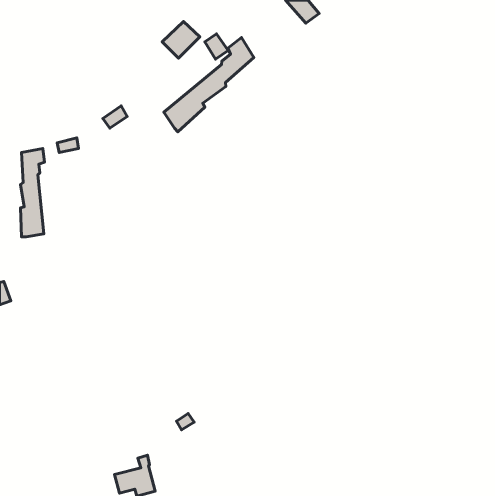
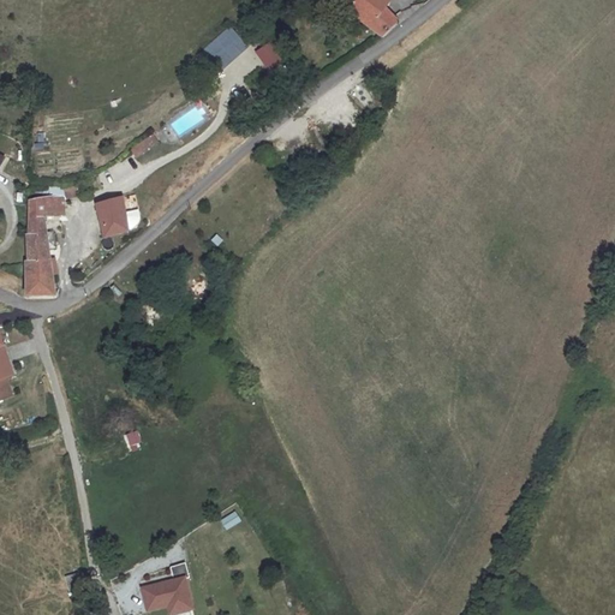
building: [164,38,254,132] -> none
building: none -> [94,196,135,241]

